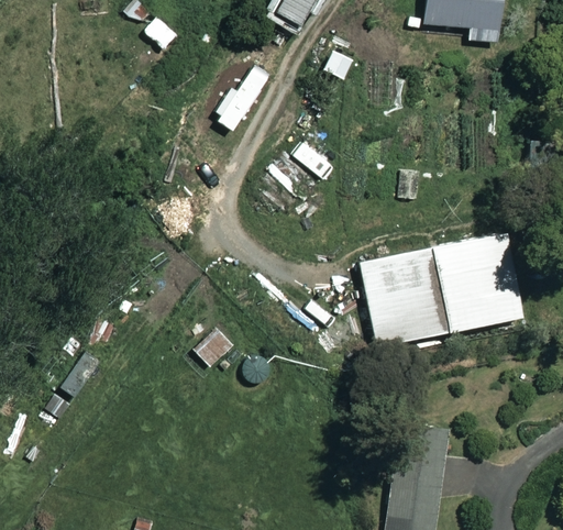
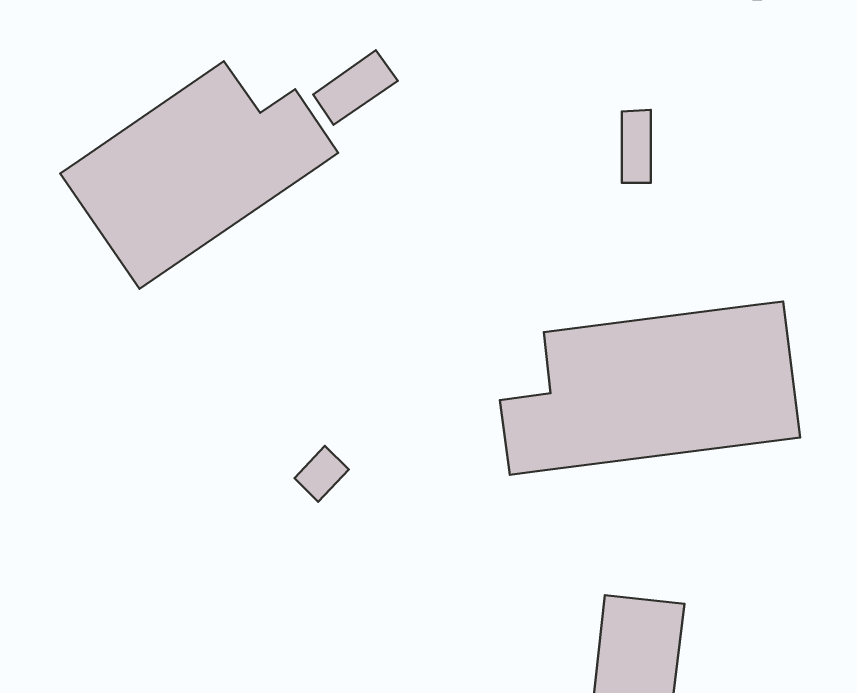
building: none -> [60,61,338,289]

